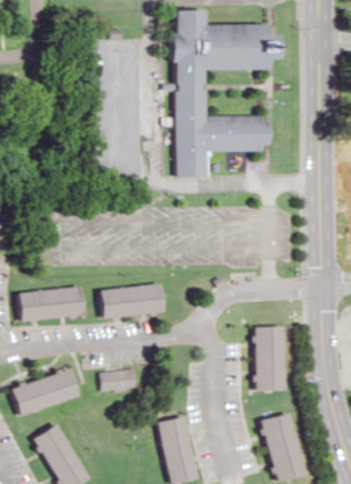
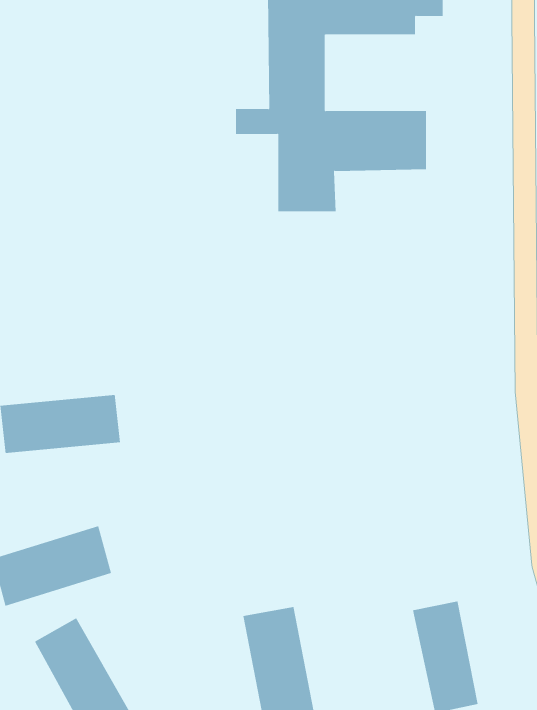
building: [92,284,169,321] -> none
building: [253,325,281,389] -> none
building: [102,369,141,393] -> none

